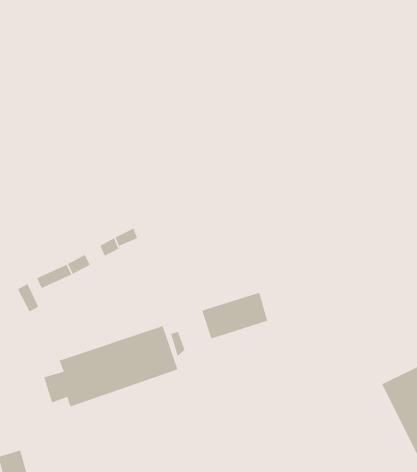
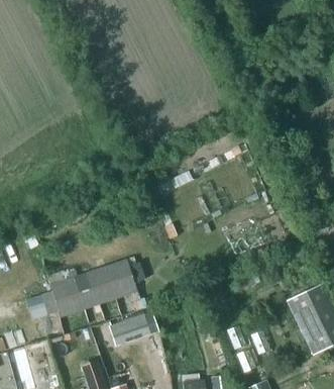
building: [201,292,268,339] -> [108,310,156,345]

